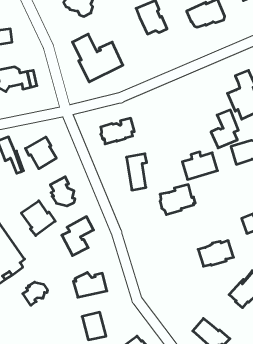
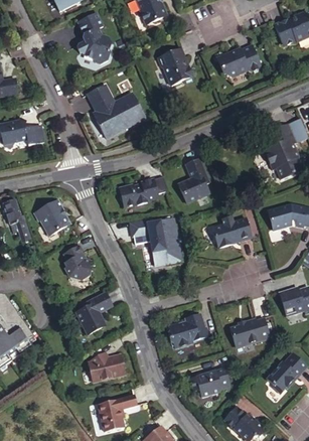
building: [211,110,238,148] -> [178,159,209,202]
building: [160,185,195,215] -> [168,314,208,348]
building: [21,201,55,236] -> none
building: [23,282,47,305] -> none
building: none -> [189,368,229,398]

